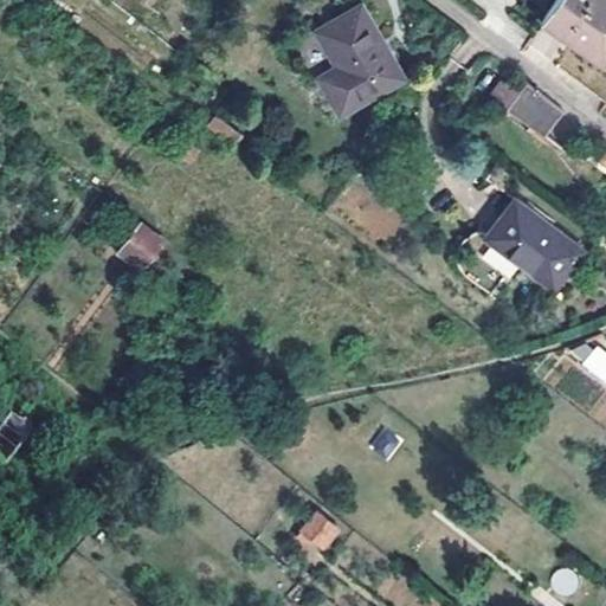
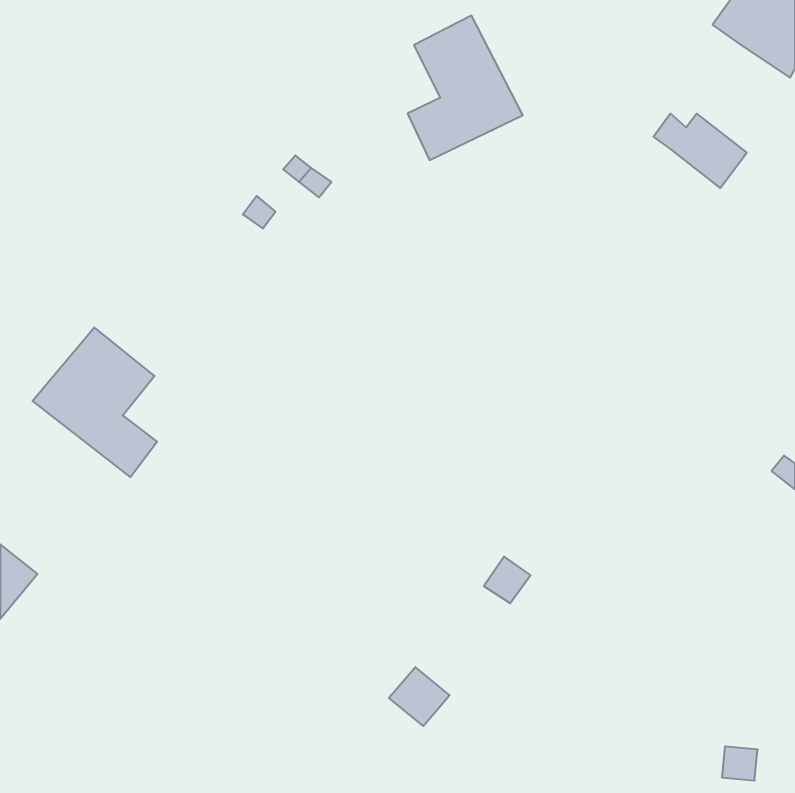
building: [488,198,584,289] -> none
building: [115,227,163,277] -> none
building: none -> [33,327,157,477]

